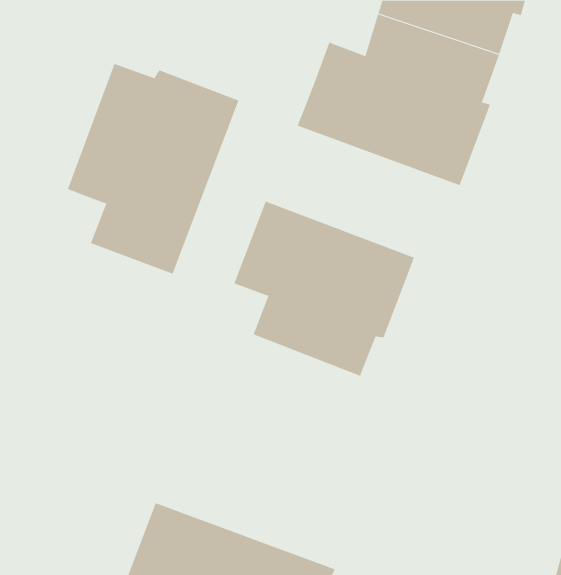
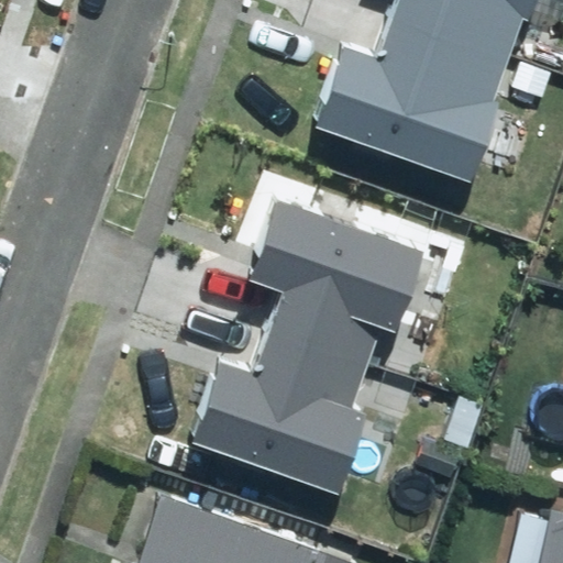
building: [67,63,239,275] -> none
building: none -> [188,329,367,493]

